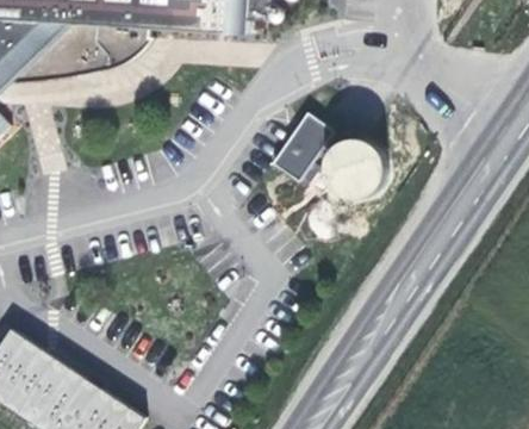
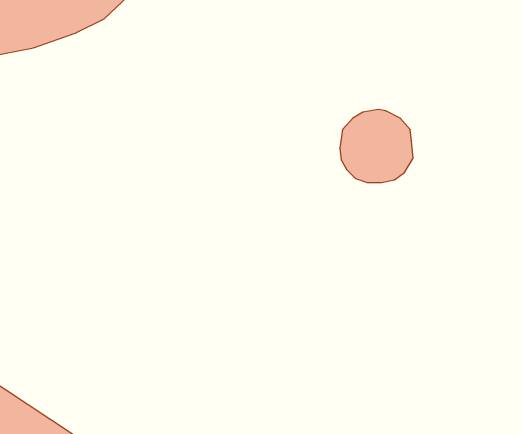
building: [274,99,335,169] -> none

